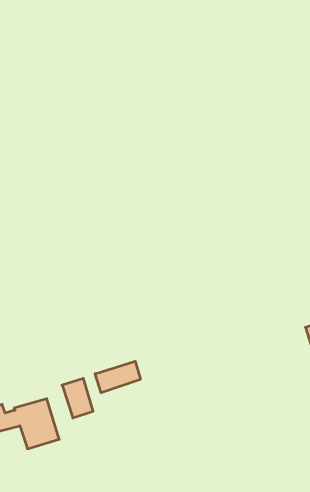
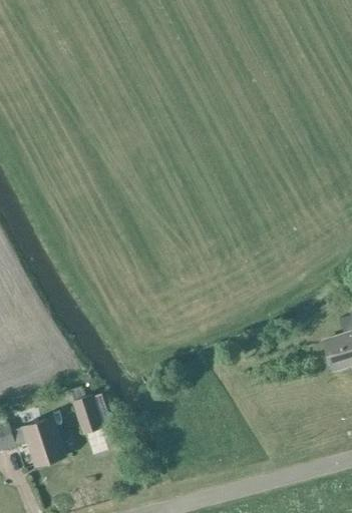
building: [95,361,140,393] -> none

